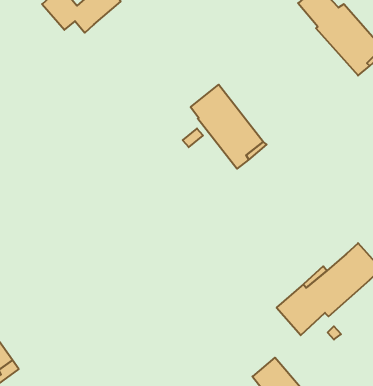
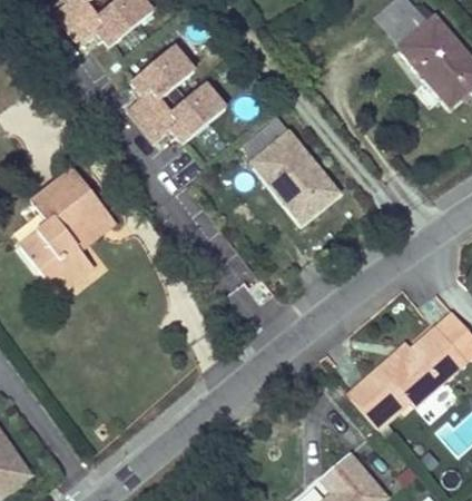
building: none -> [129,38,227,147]
building: none -> [21,167,114,289]

